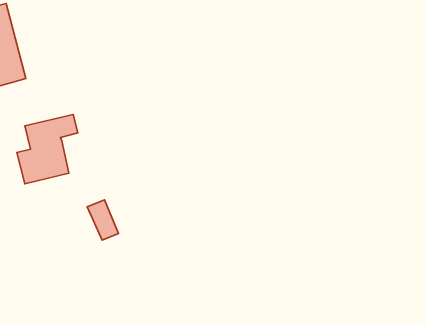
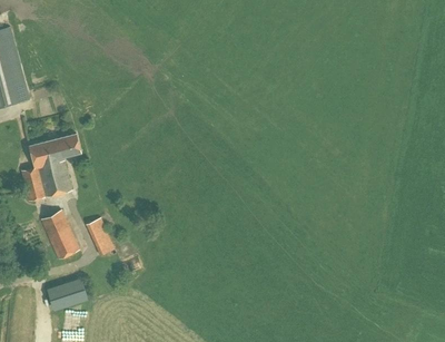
building: none -> [41,209,79,260]
building: none -> [47,277,88,311]

